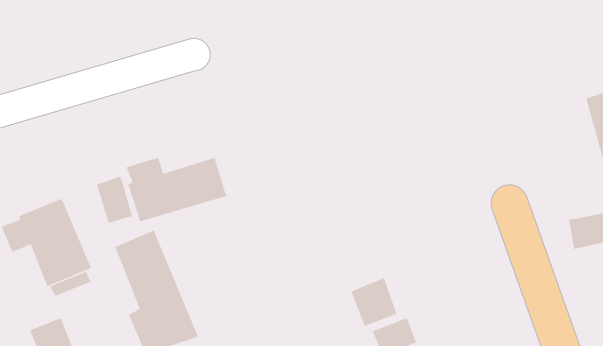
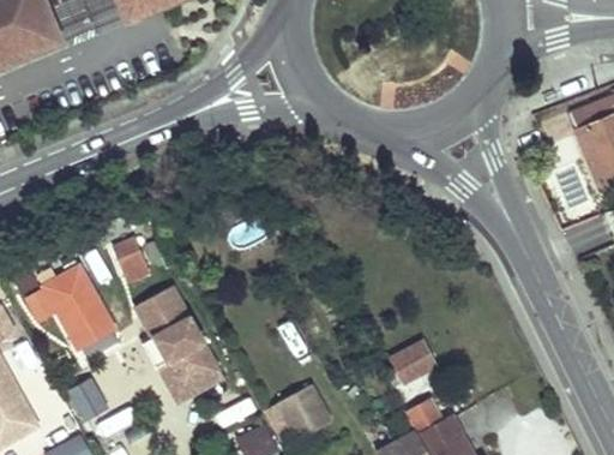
building: [126,157,227,222] -> none
building: [350,277,397,327] -> none

